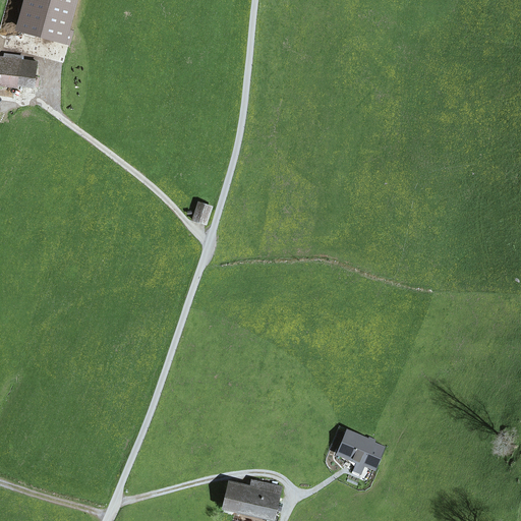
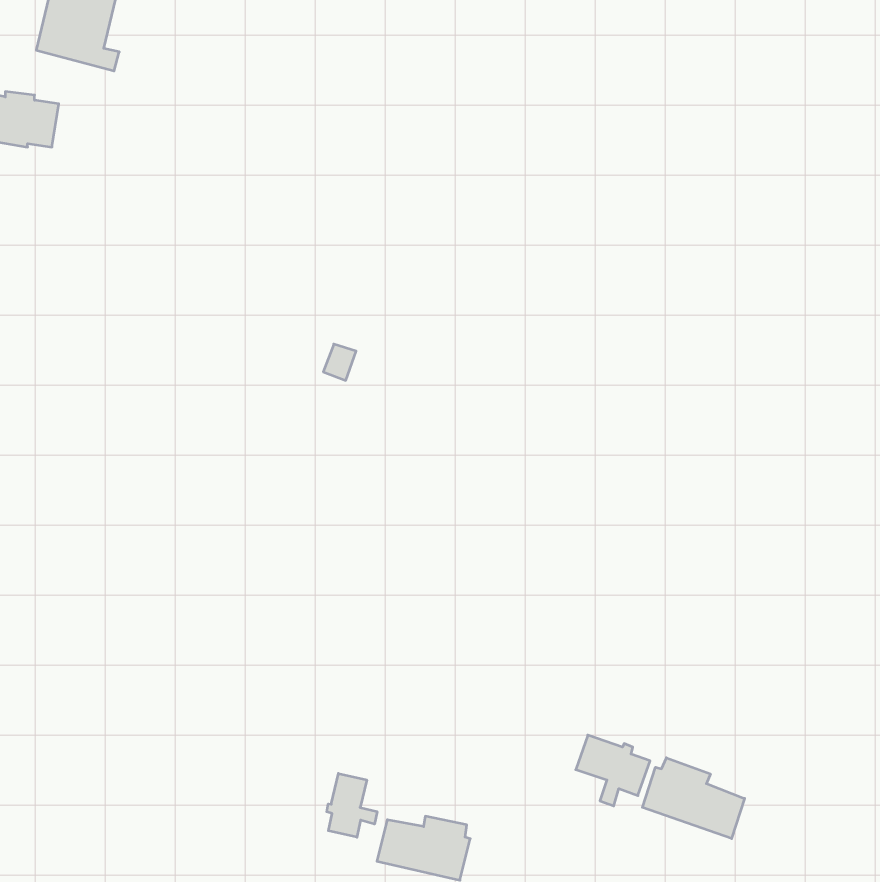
building: none -> [642,758,745,839]
building: none -> [327,773,377,837]

